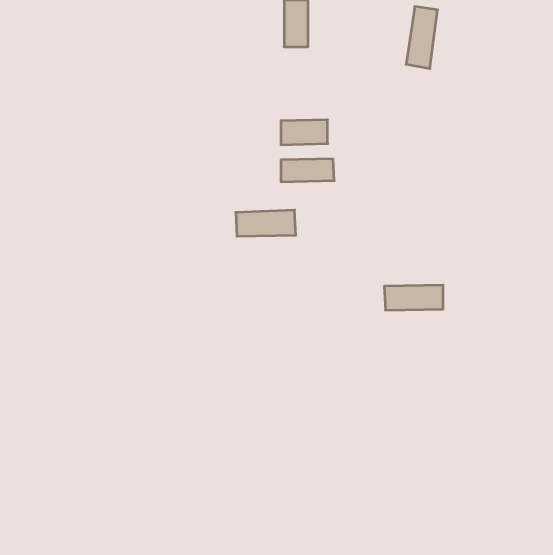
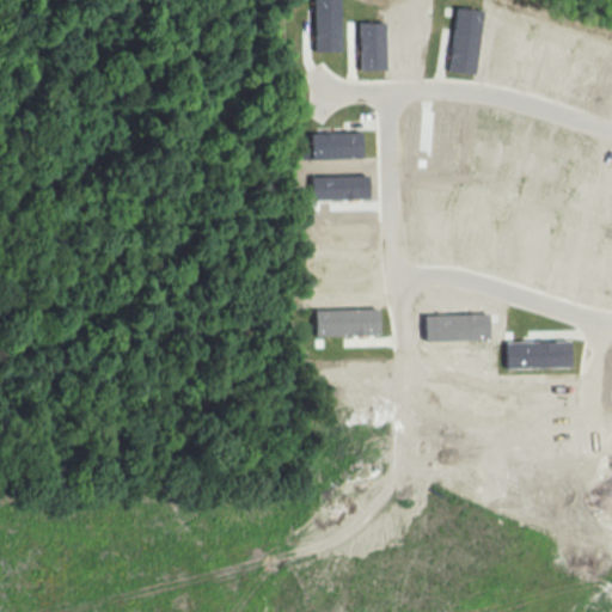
building: none -> [361,23,387,72]
building: [236,210,296,236] -> [316,308,381,337]
building: none -> [507,341,573,369]

